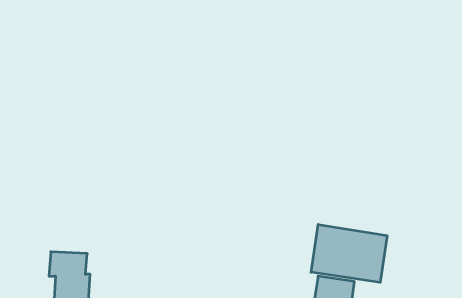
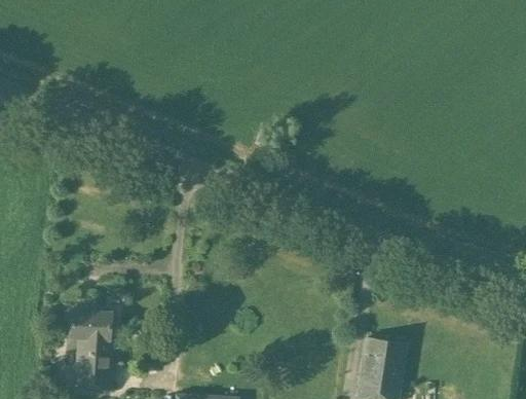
building: [311,224,387,282] -> none

